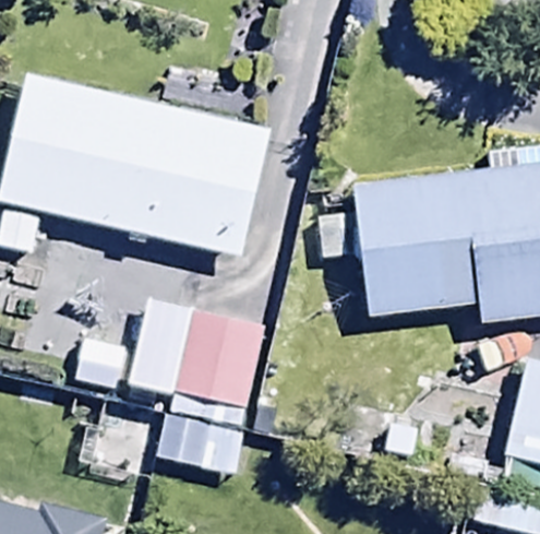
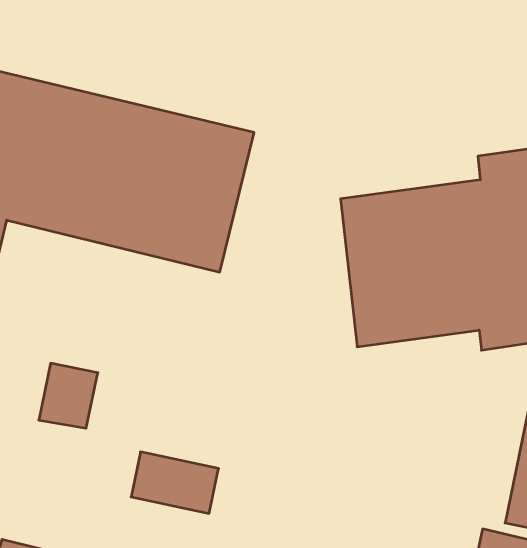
building: [125,298,271,430] -> none

